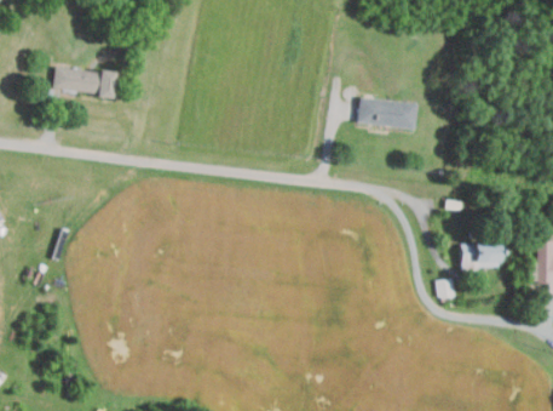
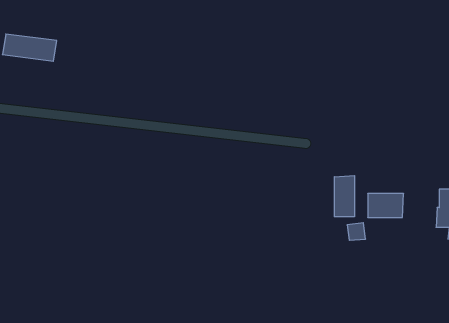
building: [358,97,420,130] -> none
building: none -> [334,176,354,217]

